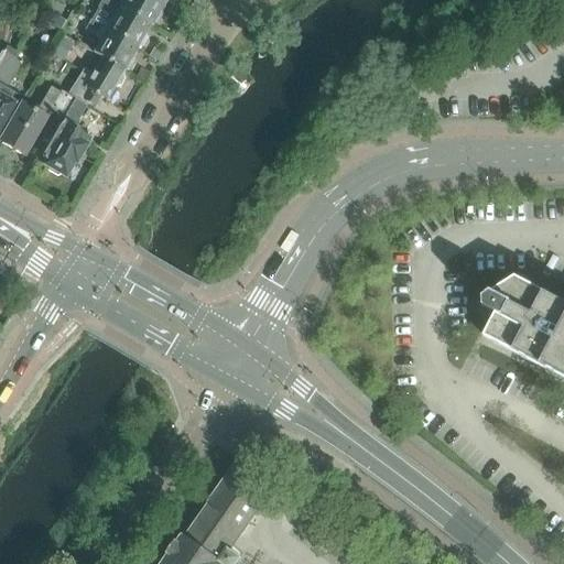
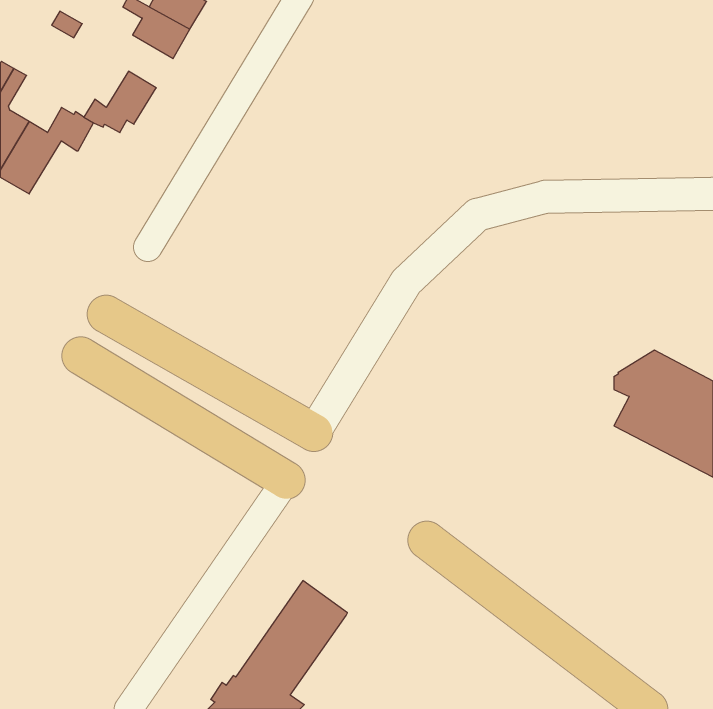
building: [84,19,137,69] -> none
building: [40,97,89,173] -> none

